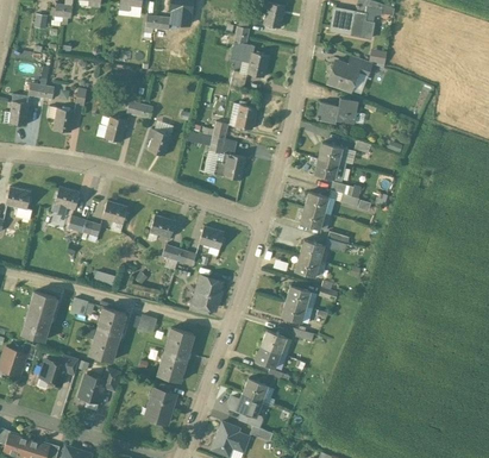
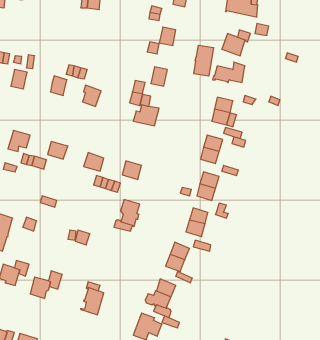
building: none -> [194,45,214,76]
building: [89,307,126,360] -> none
building: [157,327,194,381] -> none

